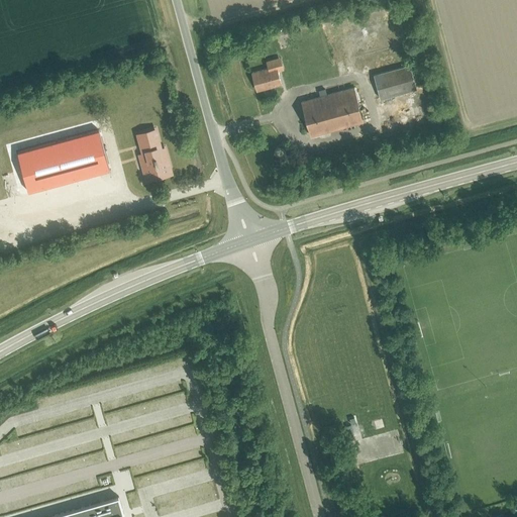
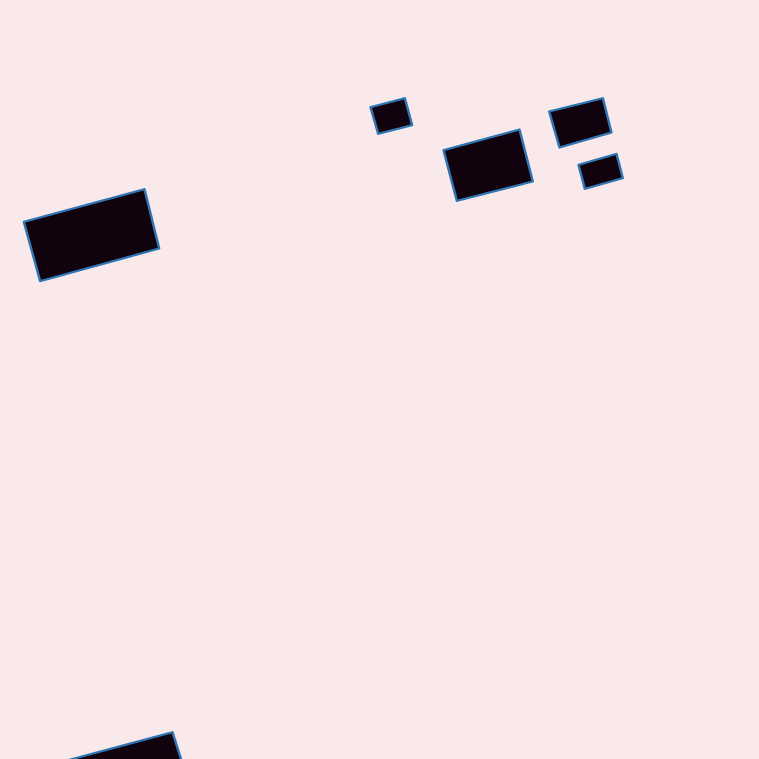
building: none -> [578,154,623,189]
building: [131,130,173,184] -> none

